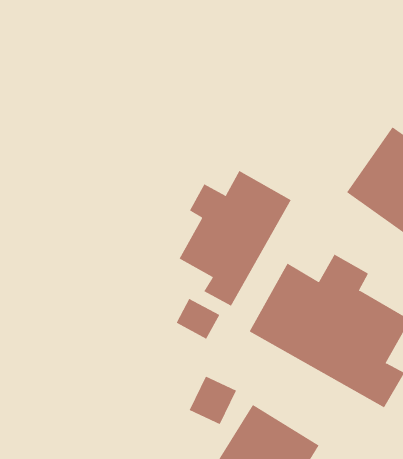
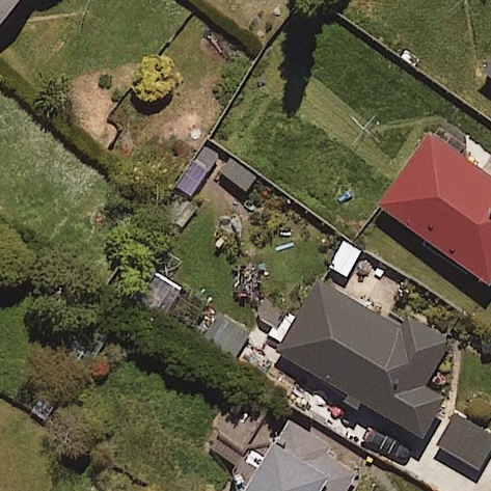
building: [179,170,291,307] -> none

